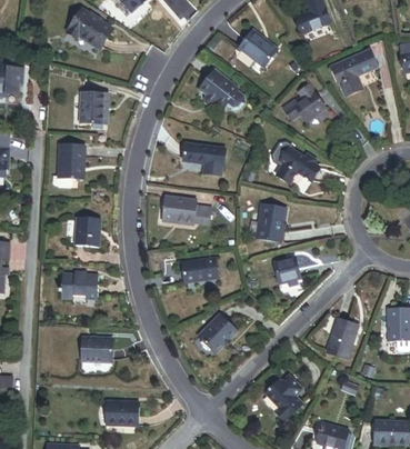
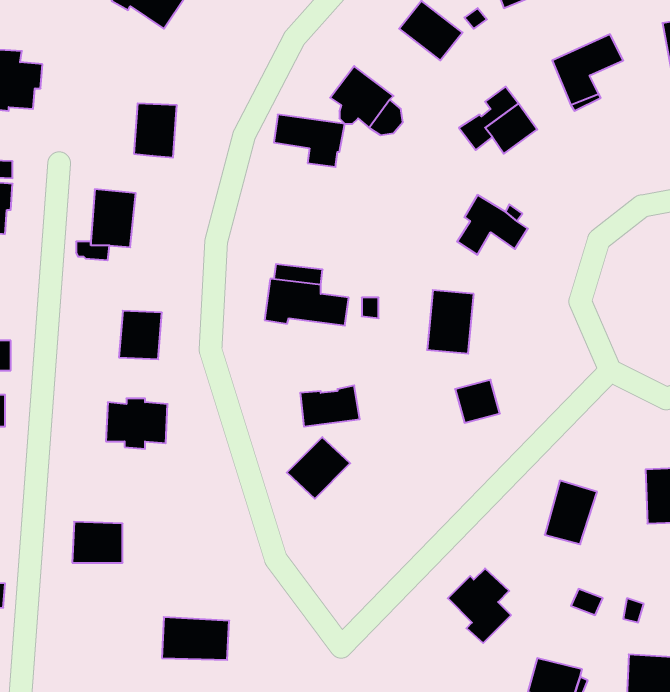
building: [182,143,224,174] -> [274,115,345,167]
building: [198,315,236,351] -> [287,437,350,499]
building: [86,336,116,360] -> [72,522,123,563]

